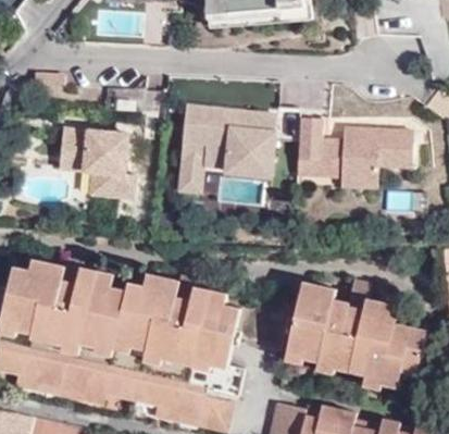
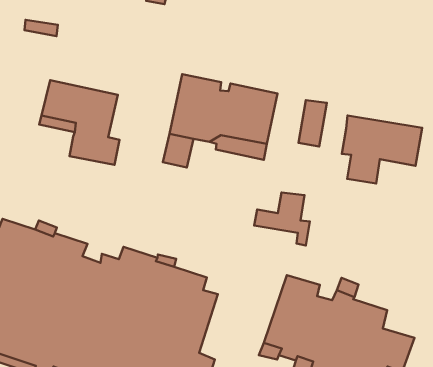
building: [298,139,349,186] -> [254,192,310,246]

